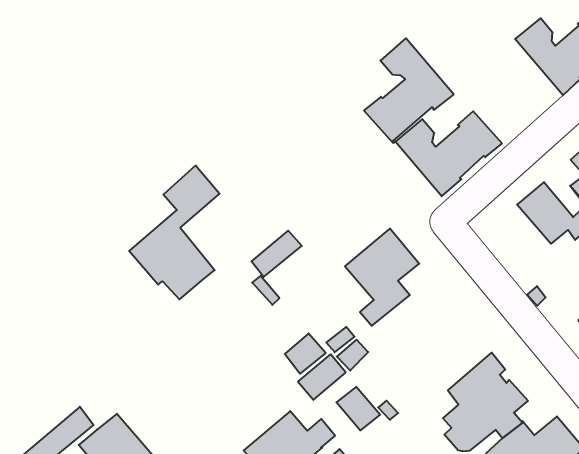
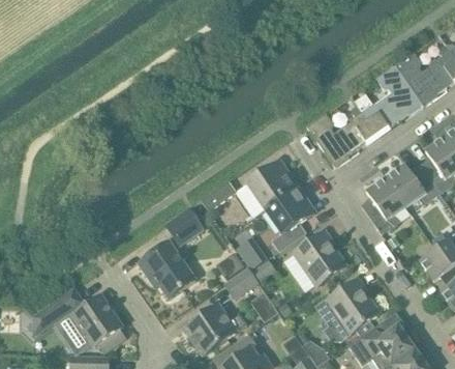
building: [364,38,454,143] -> [361,64,423,135]
building: [129,166,220,299] -> [138,207,203,297]
building: none -> [246,160,297,208]
building: none -> [363,177,405,234]
building: none -> [293,229,346,286]

